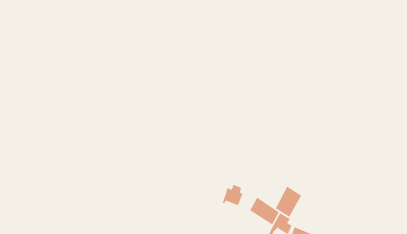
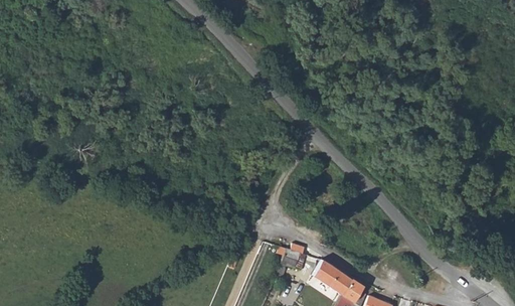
building: [275,186,302,218] -> none

